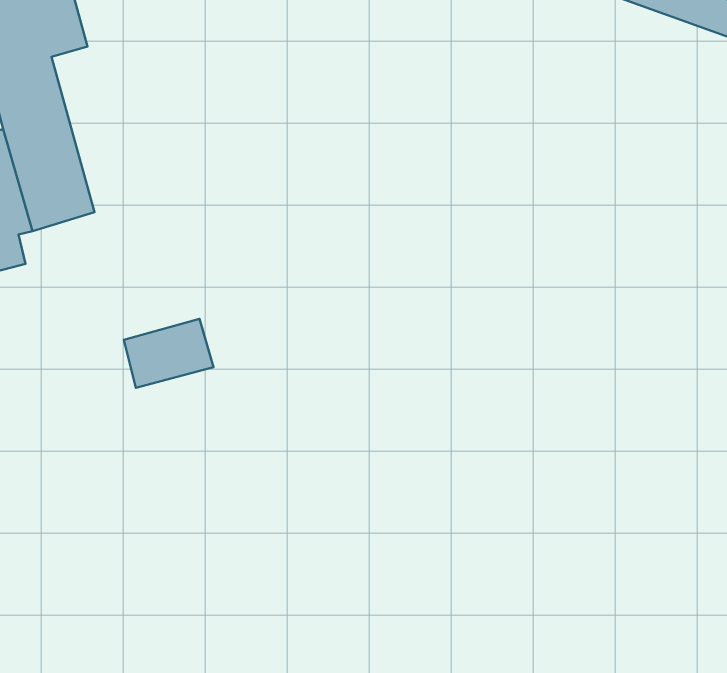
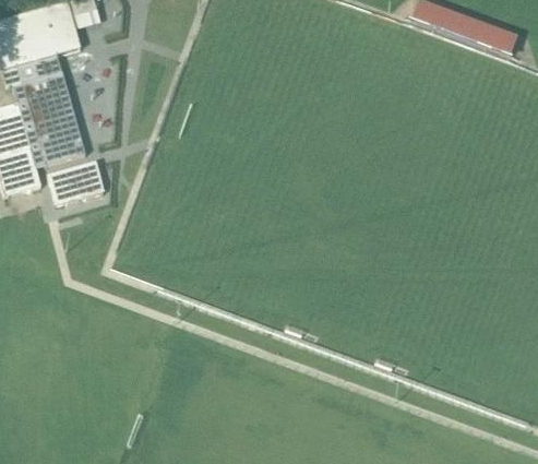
building: [124,319,213,388] -> [47,162,104,205]

